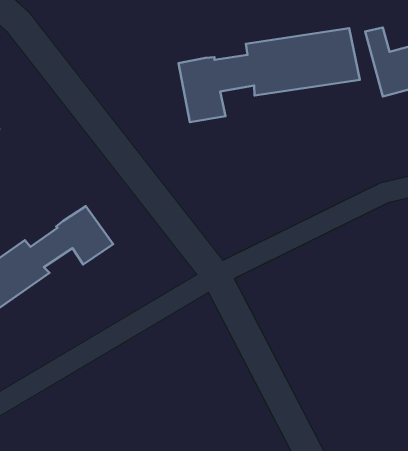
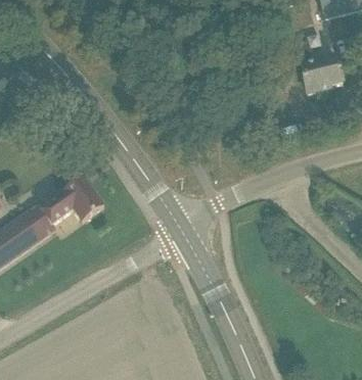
building: [179,28,360,122] -> none

